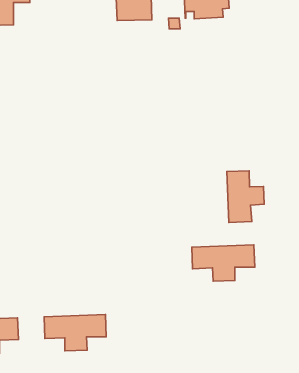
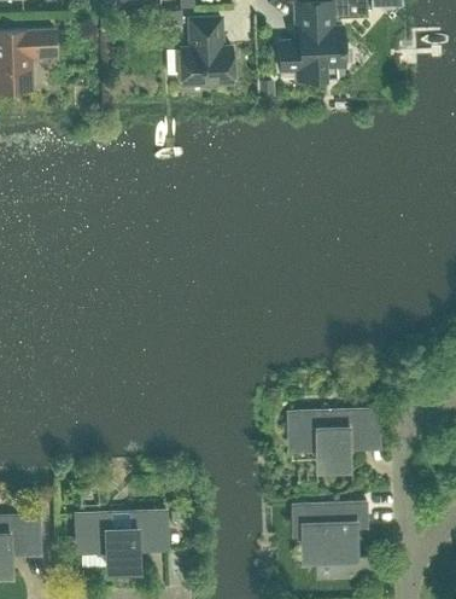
building: [227,171,264,222] -> none
building: none -> [296,502,370,577]

